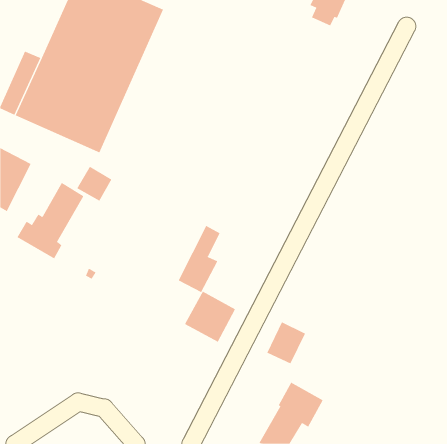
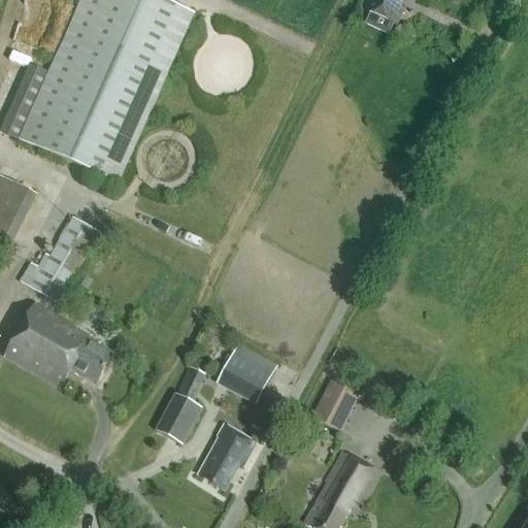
building: [77,166,112,201] -> none
building: [178,225,221,293] -> [156,364,206,443]
building: none -> [5,302,113,387]
building: none -> [197,423,257,489]

